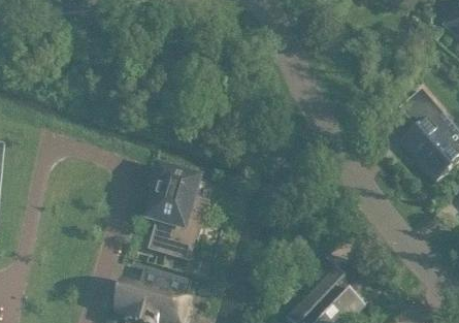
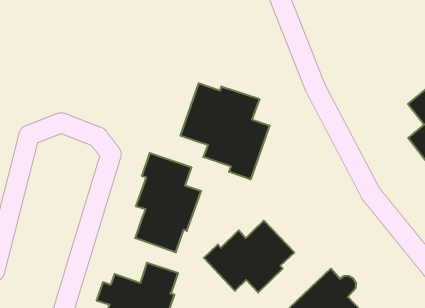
building: none -> [181,83,269,179]
building: none -> [204,221,294,293]

